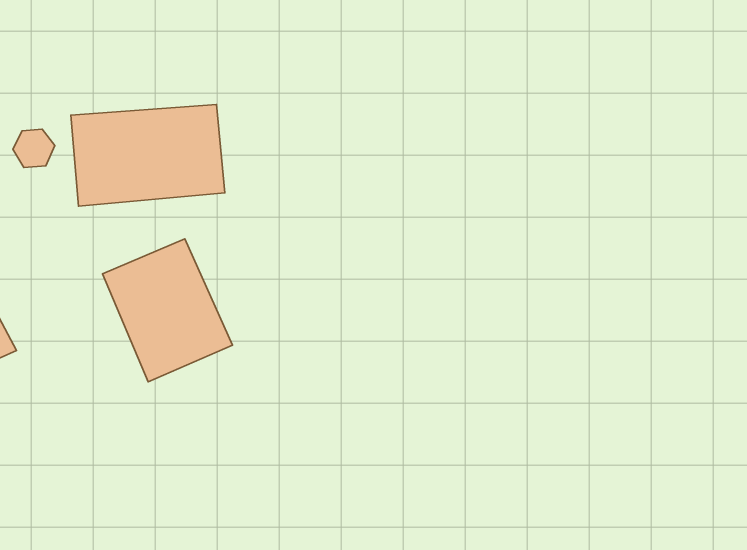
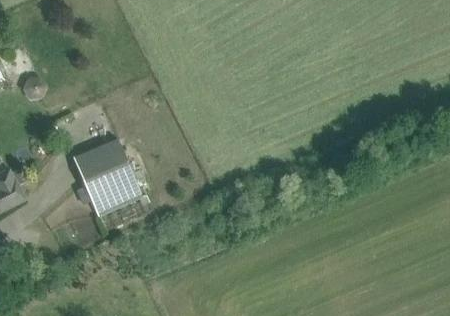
building: [71,104,225,206] -> none

